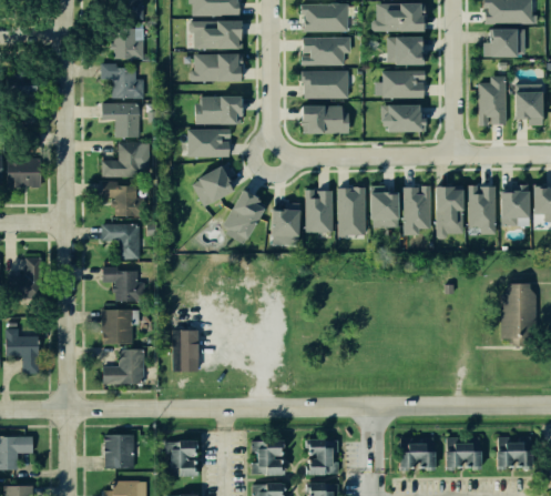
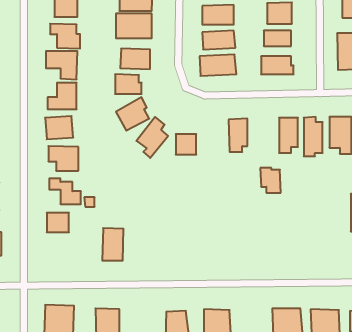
building: [309,191,331,229] -> none
building: [370,194,397,226] -> [260,168,281,193]
building: [103,346,145,378] -> none

